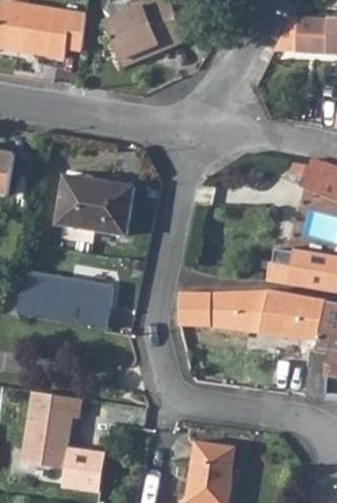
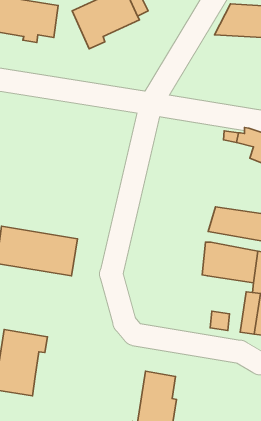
building: [59,175,135,235] -> none
building: [180,291,264,329] -> none
building: [60,447,104,493] -> none

